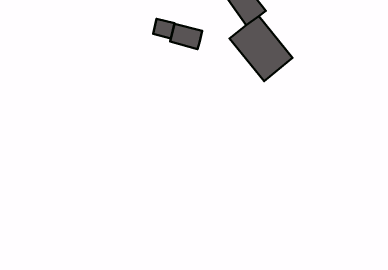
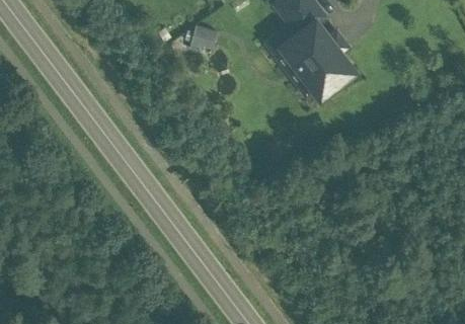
building: [170,24,202,49] -> none

